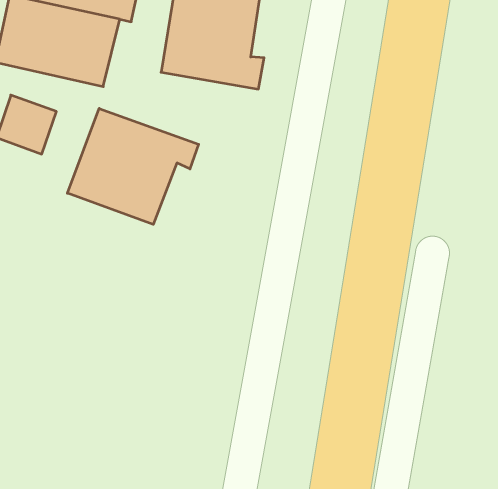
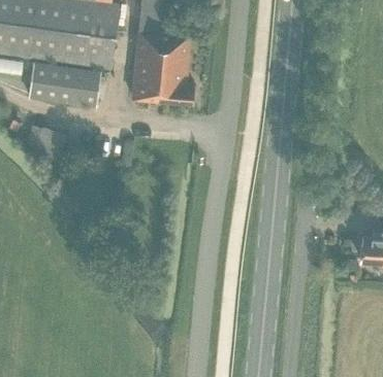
building: [67,108,199,224] -> none

